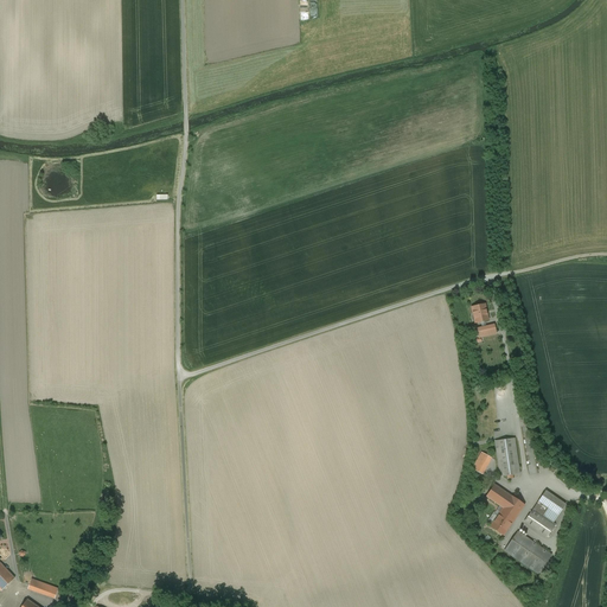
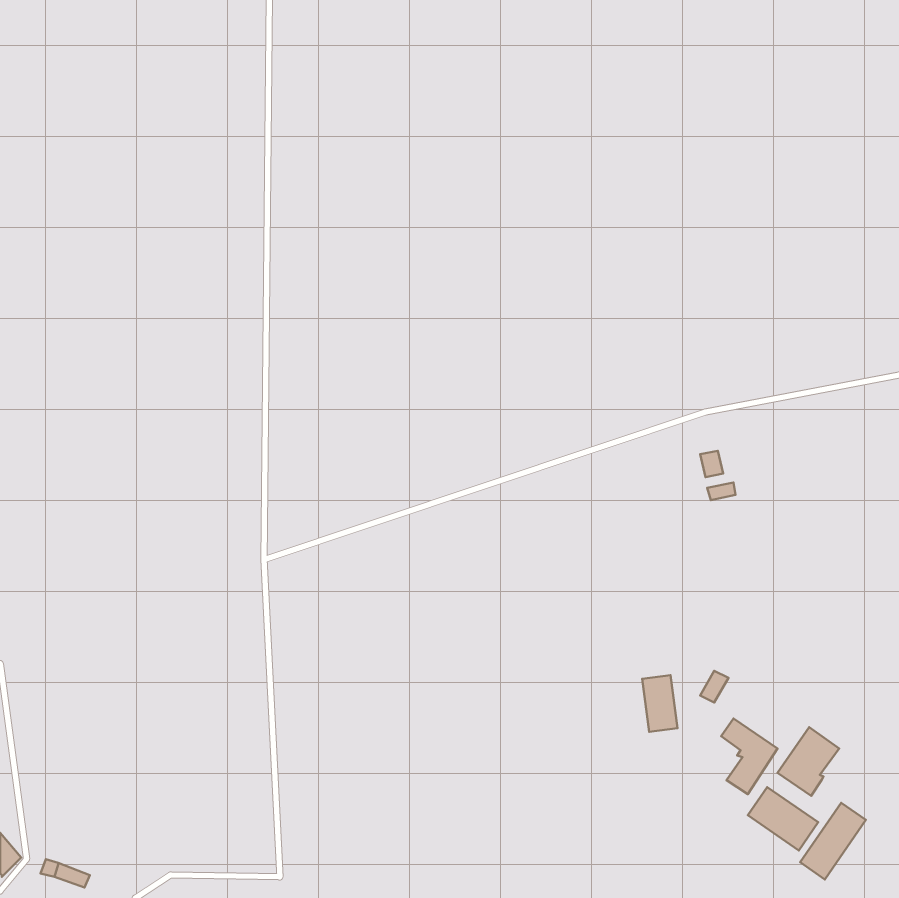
building: [496,437,519,475] -> [642,675,677,732]
building: none -> [800,803,866,879]

